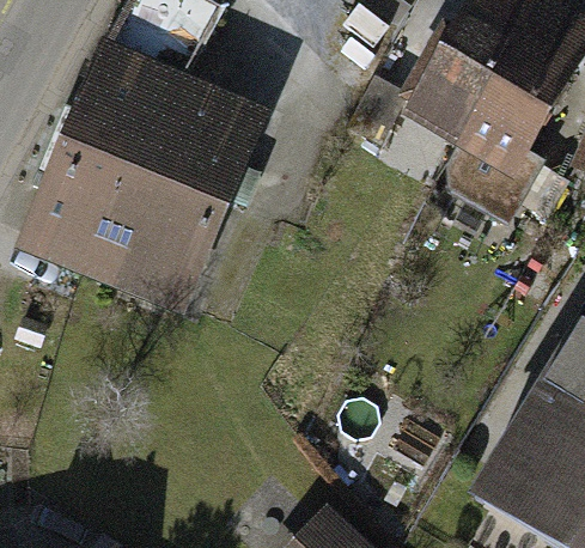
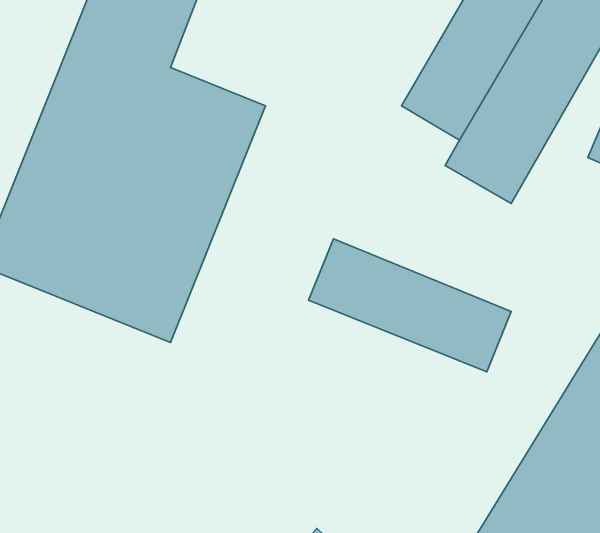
building: none -> [308,239,511,372]

